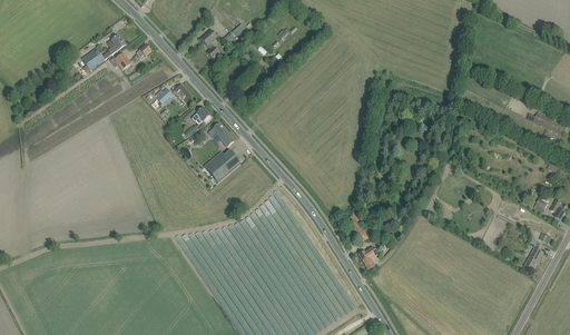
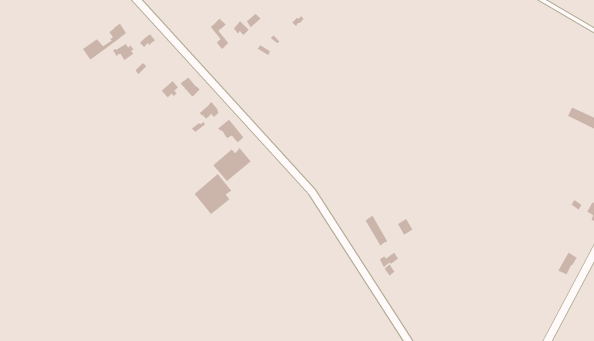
building: none -> [193,173,233,215]

